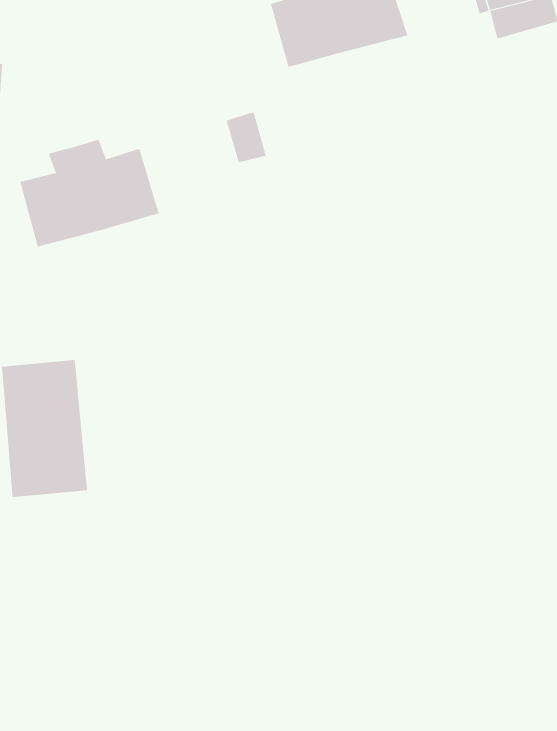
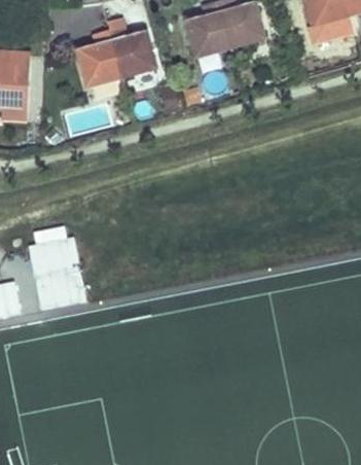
building: [20,139,159,247] -> [76,25,157,87]

